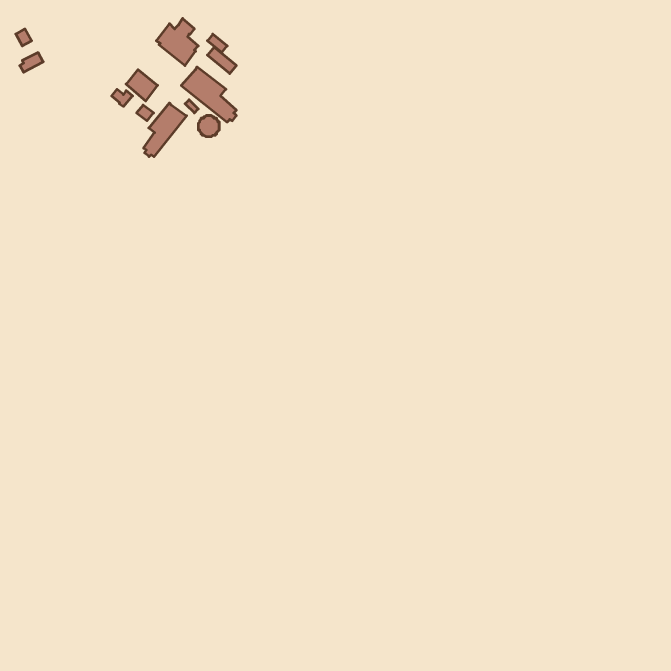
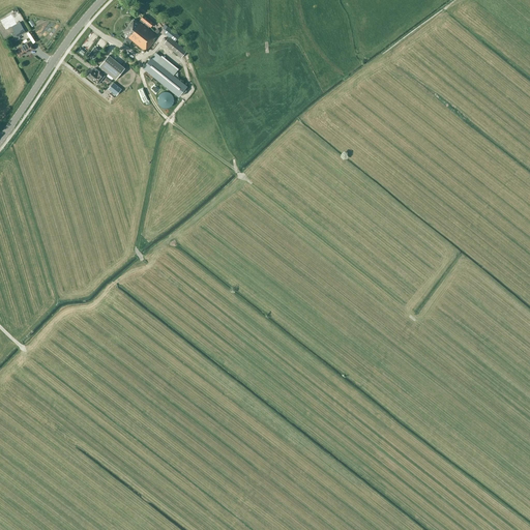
building: [144,103,187,157] -> none

